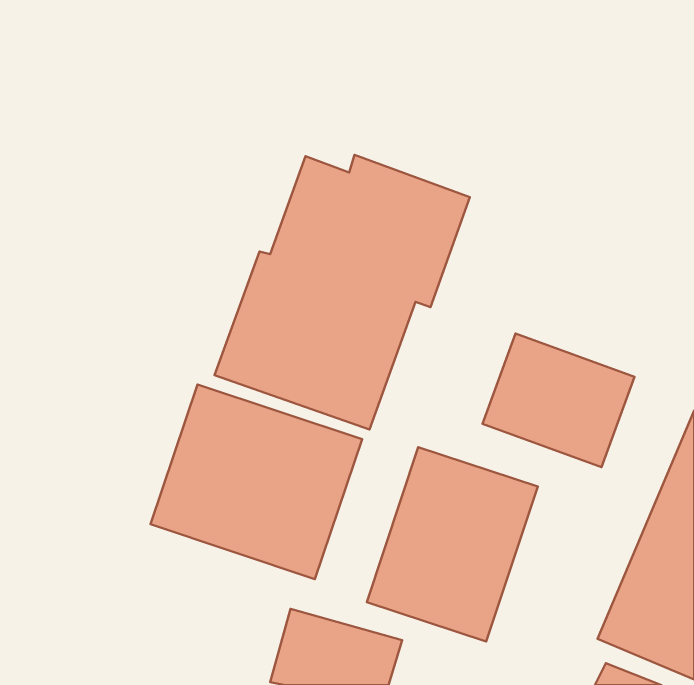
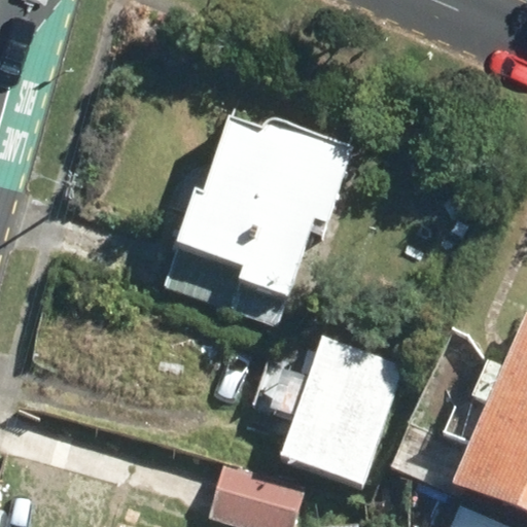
building: [482,334,635,467] -> none
building: [151,384,362,579] -> none

